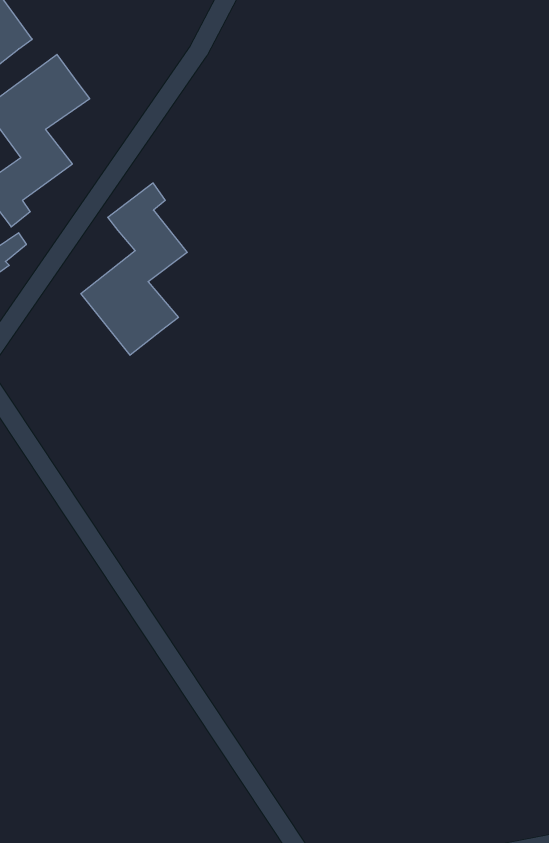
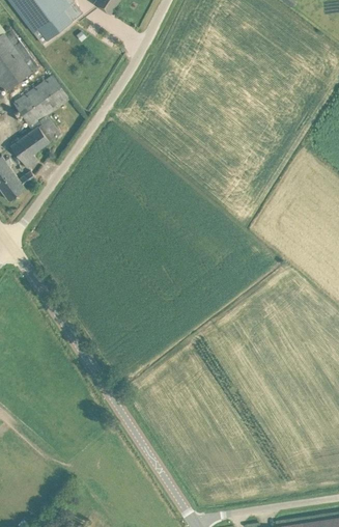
building: [81,183,187,355] -> none

